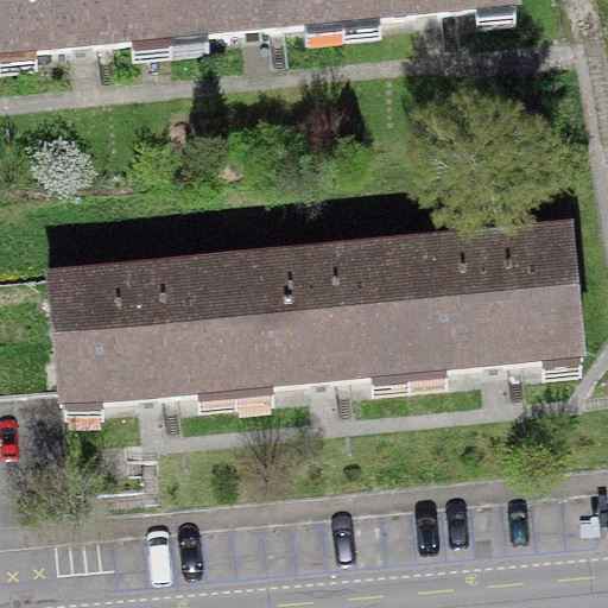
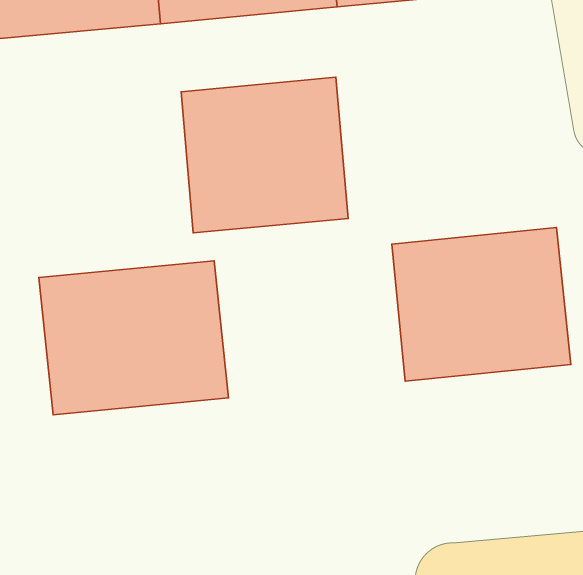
building: none -> [181,77,348,233]
building: [223,253,413,406] -> none

